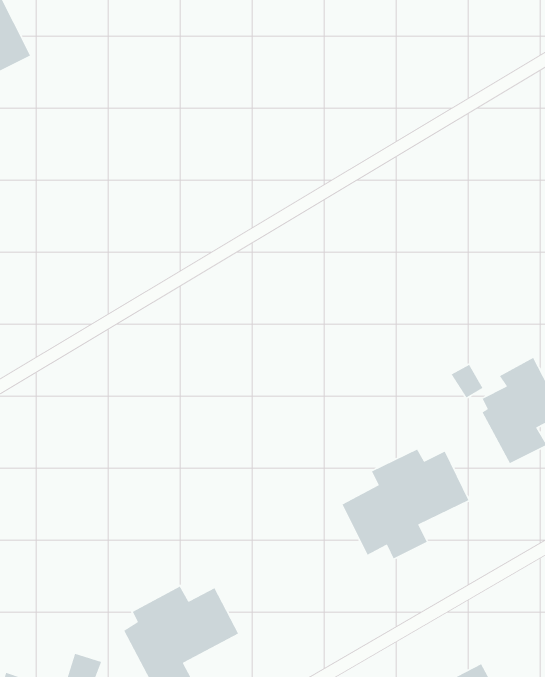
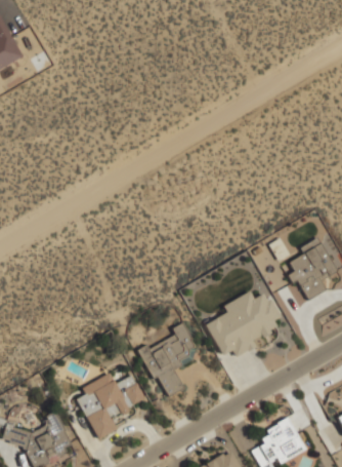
building: none -> [141,322,198,398]

